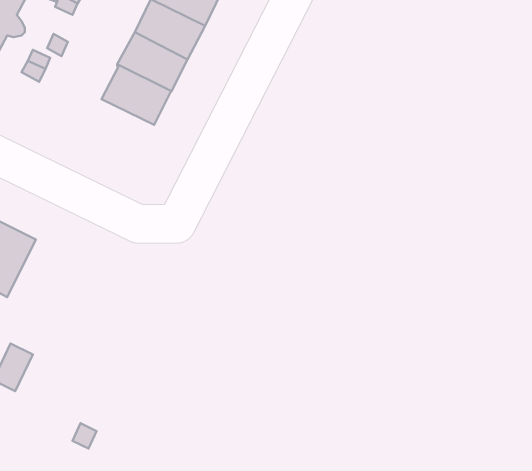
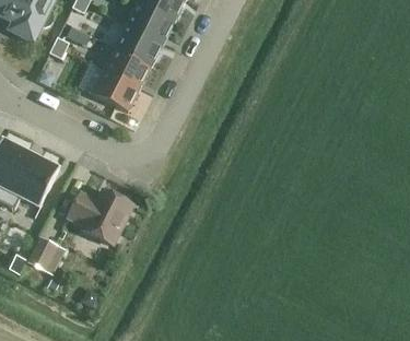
building: none -> [92,71,139,111]
building: none -> [67,189,132,245]

